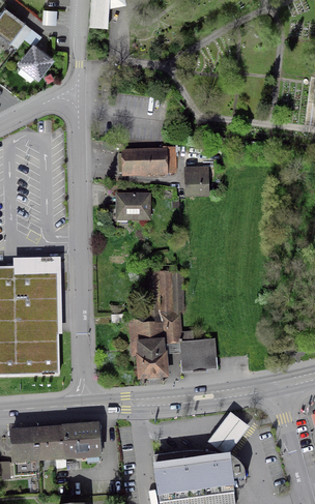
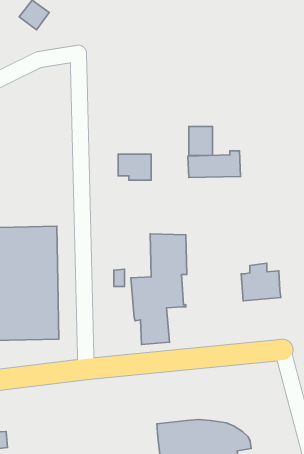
building: [123,147,174,173] -> [188,151,240,178]
building: [178,331,217,367] -> [241,263,281,301]
building: [208,411,249,454] -> none
building: [11,425,98,475] -> none

